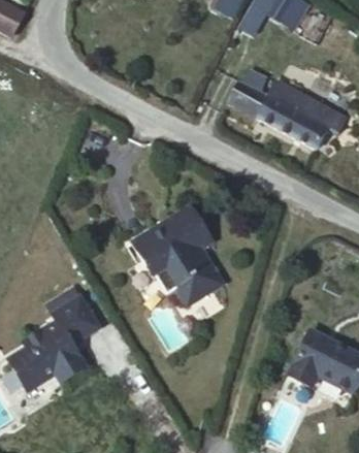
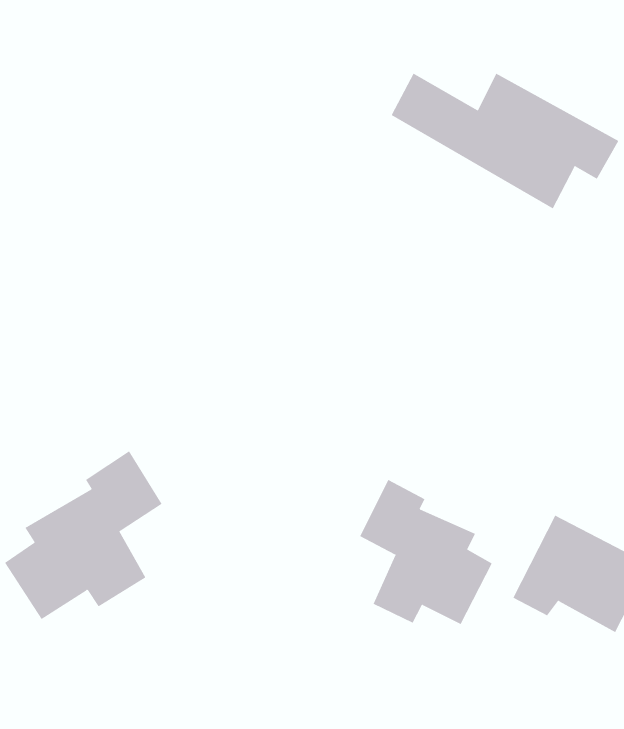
building: [125,200,215,293] -> none
building: none -> [360,479,493,625]

